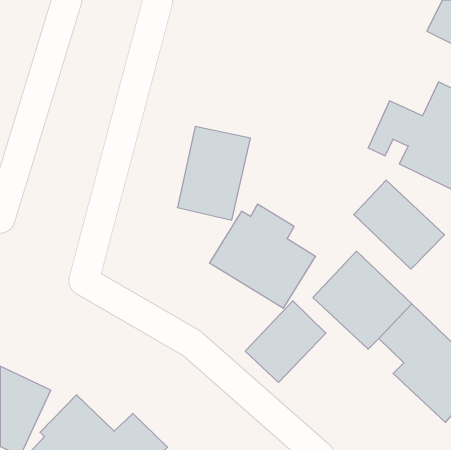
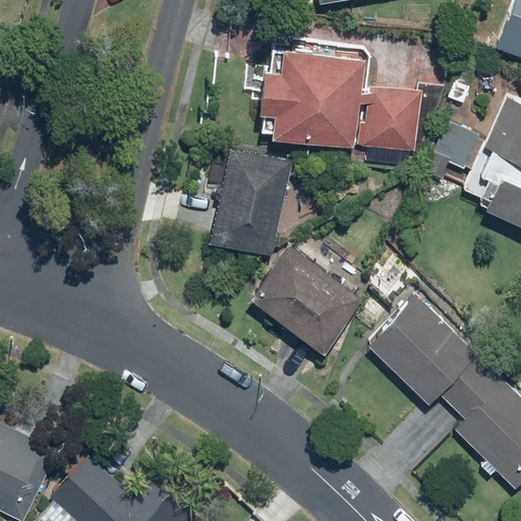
building: none -> [254,50,424,165]
building: [354,180,444,269] -> none
building: [245,301,326,382] -> none

